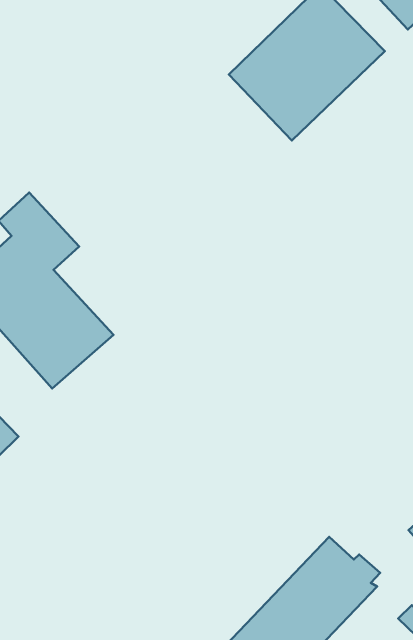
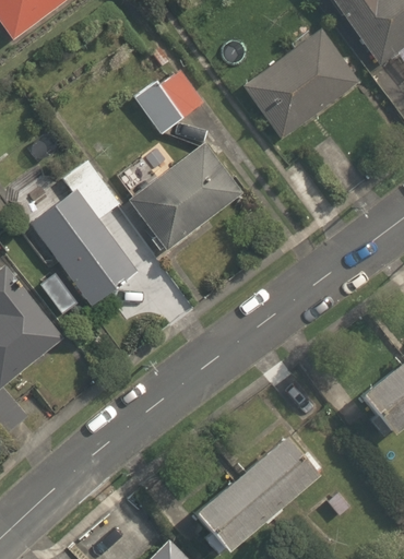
building: none -> [134,70,205,135]
building: none -> [129,144,242,251]

